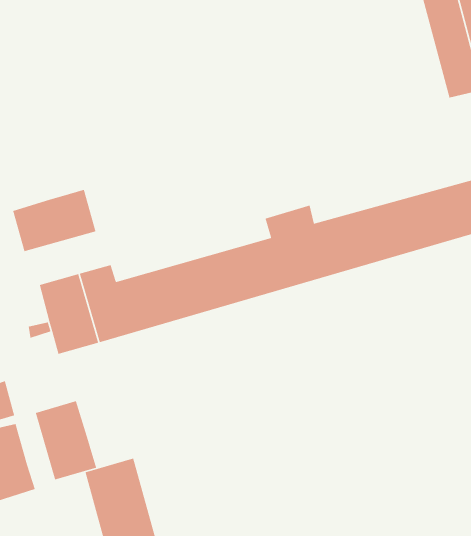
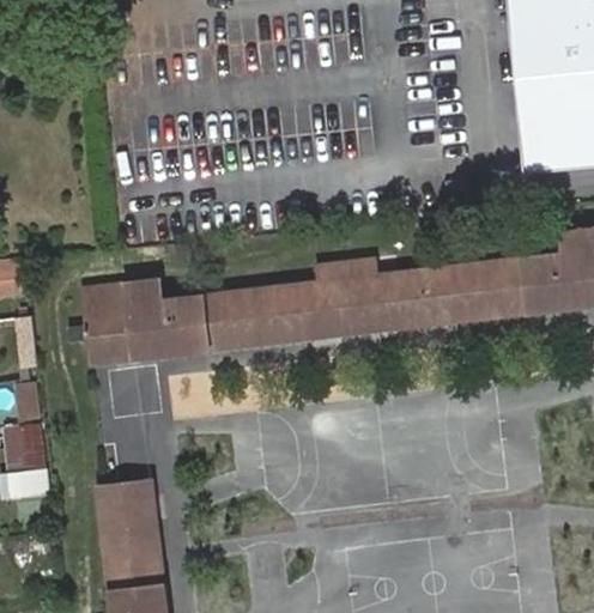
building: [12,189,97,252] -> none
building: [35,400,97,481] -> none

